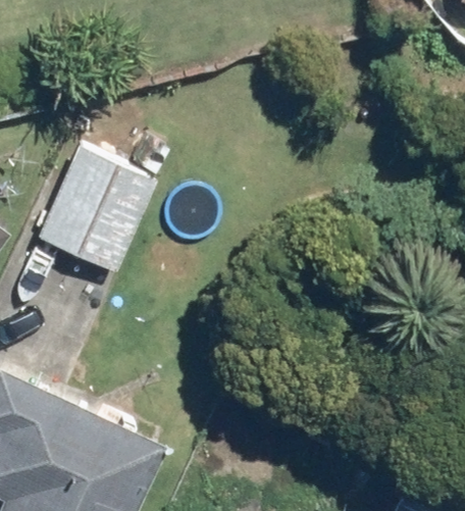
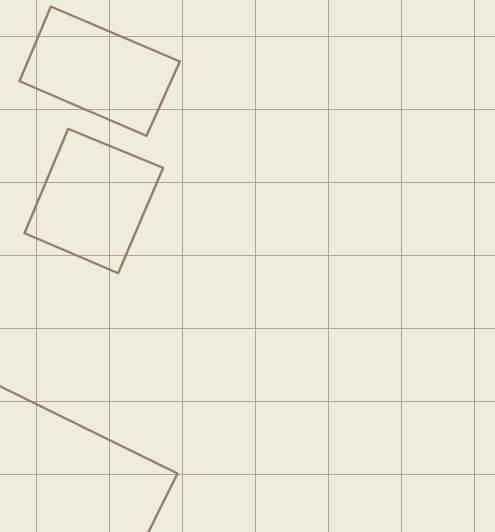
building: none -> [20,7,180,136]

